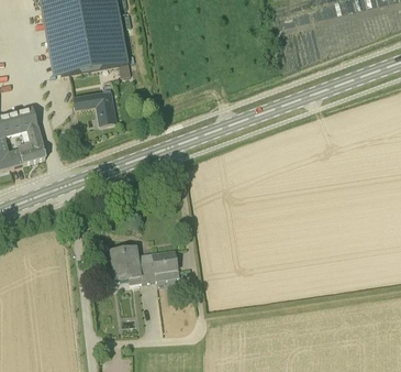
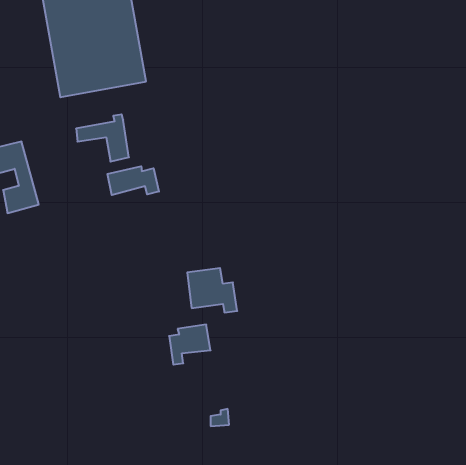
building: none -> [107,166,159,195]
building: [109,248,147,282] -> [187,268,237,312]

